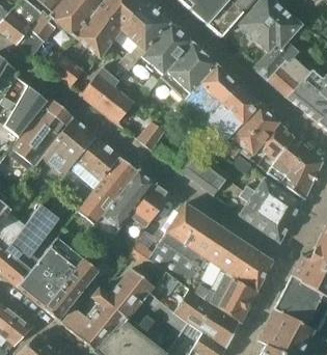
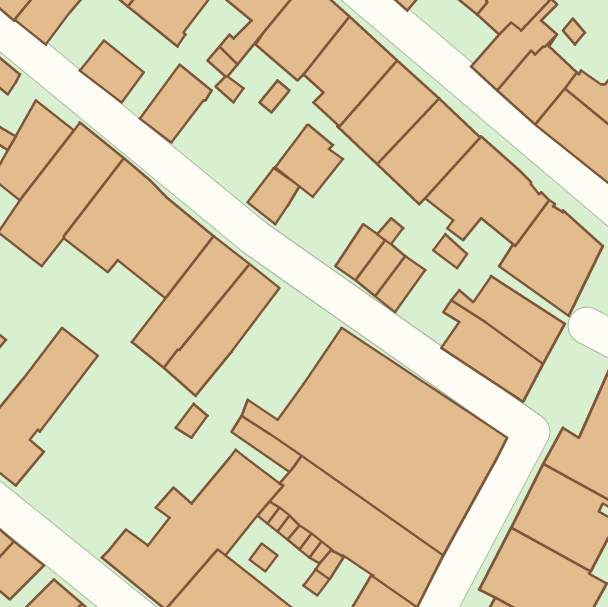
building: [99,85,134,122] -> [275,125,343,197]
building: [130,183,171,227] -> none
building: [18,244,99,319] -> none

